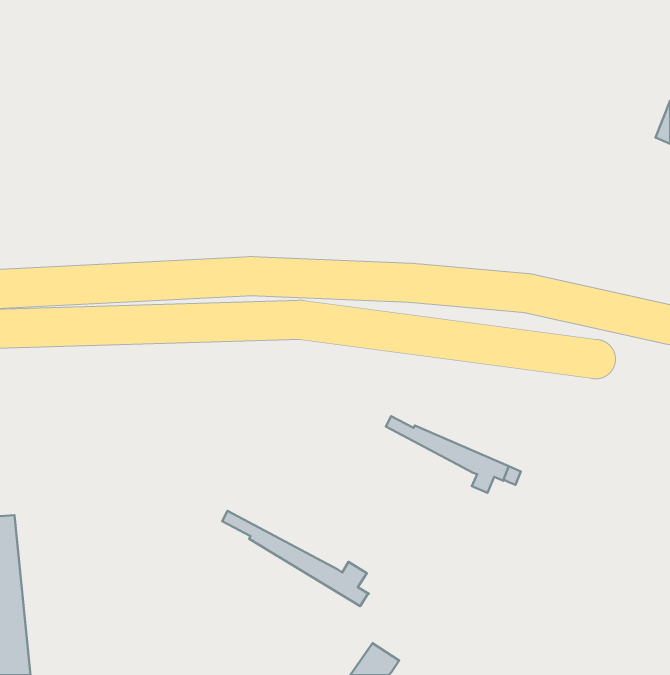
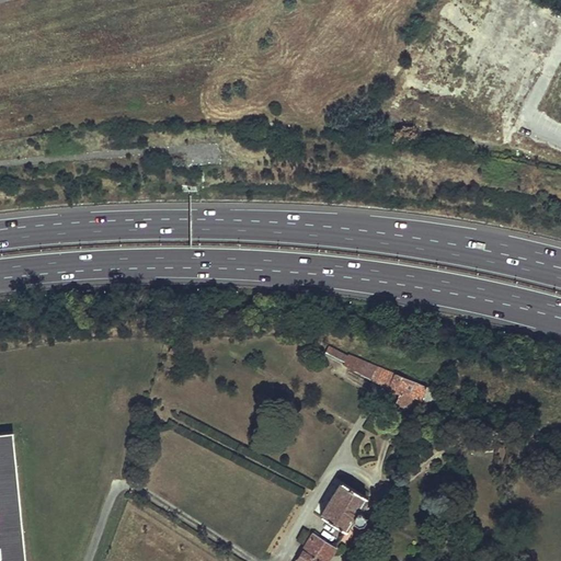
building: [222,511,369,606] -> none
building: none -> [316,481,362,530]

